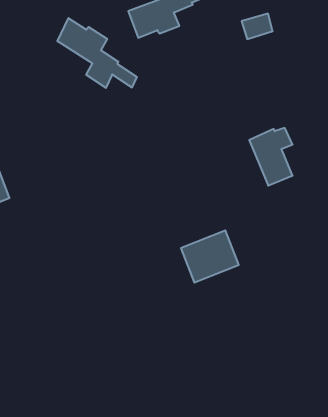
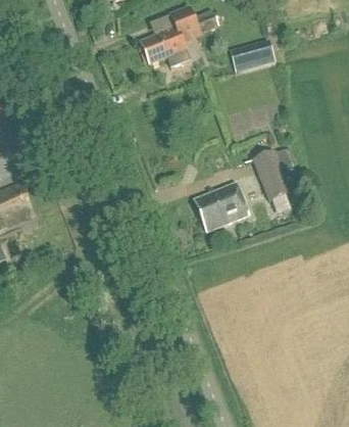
building: [57,18,137,88] -> none
building: [181,230,239,283] -> [194,183,247,231]

